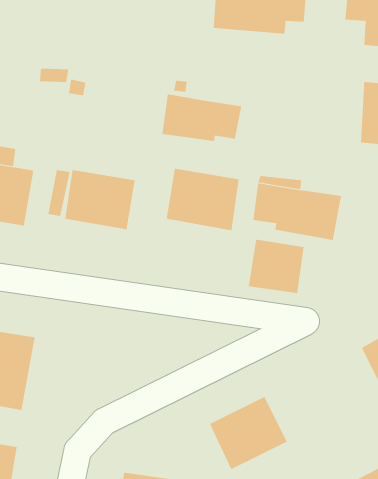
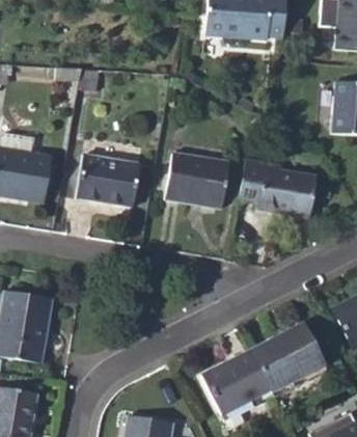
building: [162,94,242,142] -> none
building: [248,239,304,294] -> none
building: none -> [250,323,325,391]

